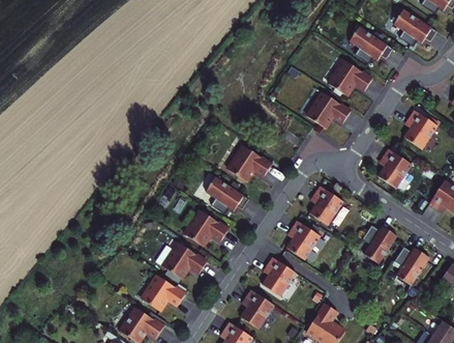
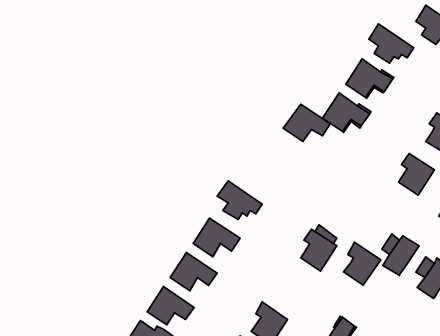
building: [226,146,271,181] -> [283,104,330,141]
building: [308,185,343,226] -> [343,242,381,285]
building: [261,257,296,296] -> none

